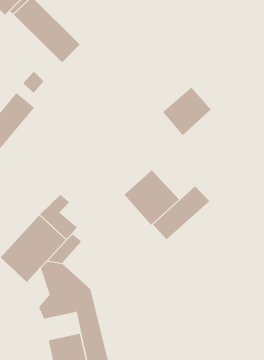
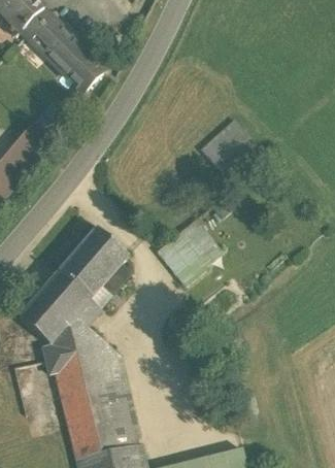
building: none -> [80,227,127,286]
building: [152,186,210,240] -> none
building: none -> [61,385,104,417]

